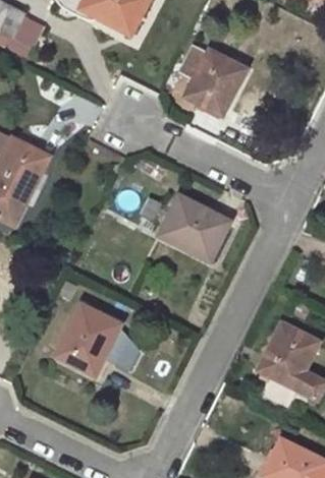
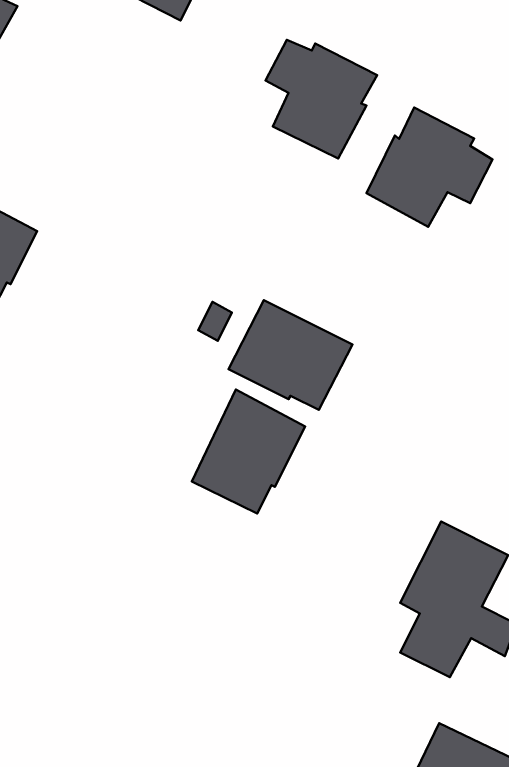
building: none -> [366,108,492,227]
building: [56,304,121,375] -> [192,389,305,513]

